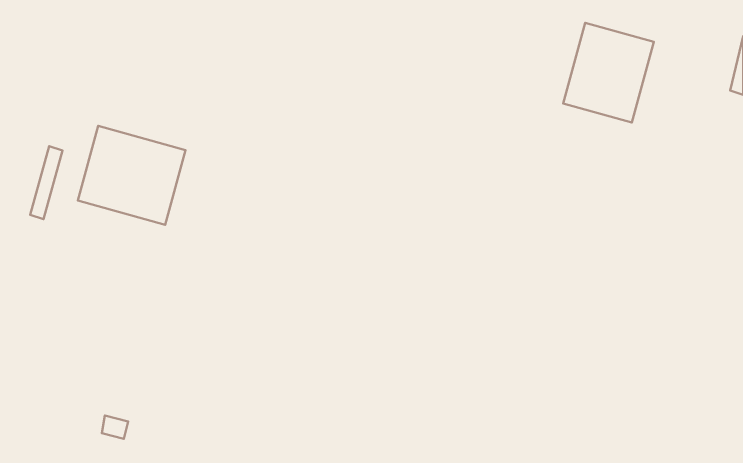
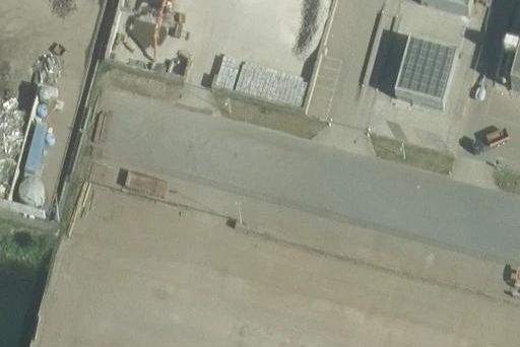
building: [78,126,185,225] -> none

